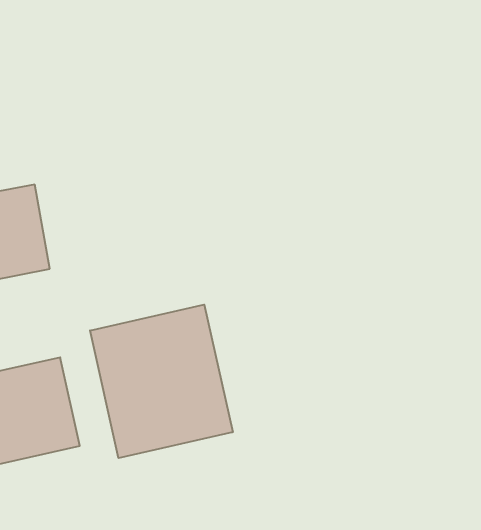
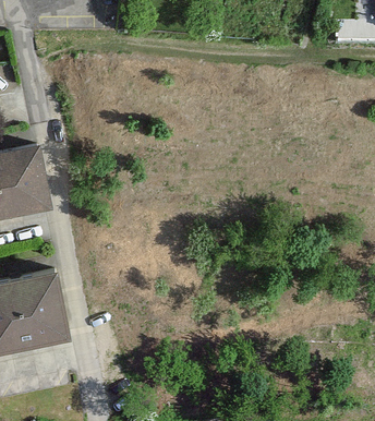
building: [90,305,233,458] -> none

